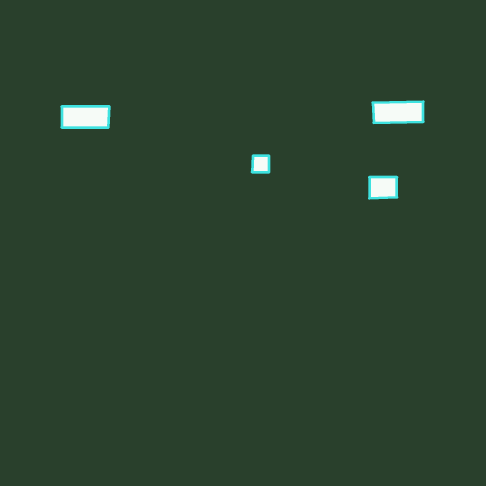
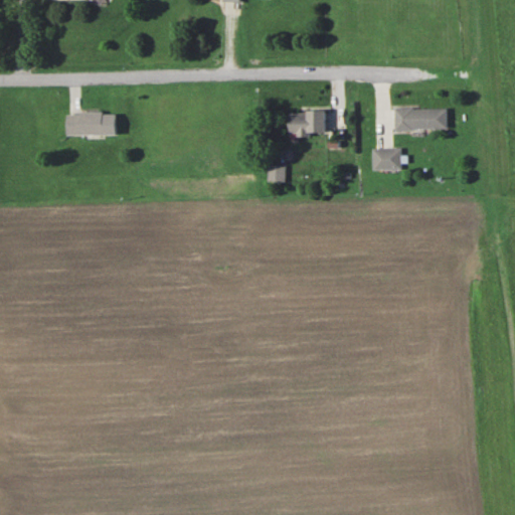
building: none -> [289,111,326,142]
building: [369,177,397,198] -> [372,148,401,170]

